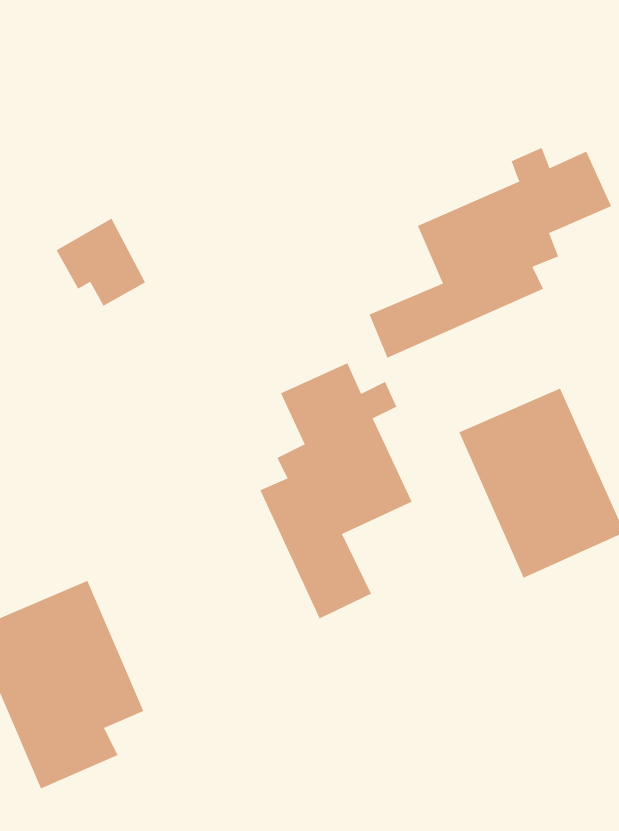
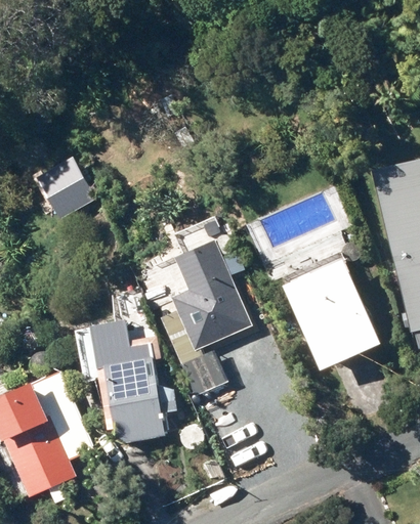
building: [369,147,612,359] -> none
building: none -> [89,320,176,450]

